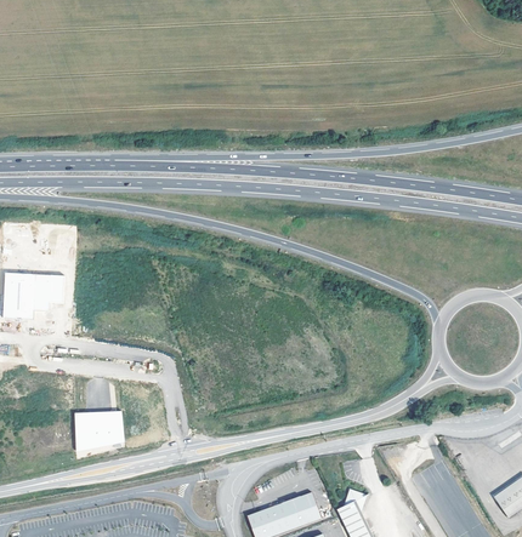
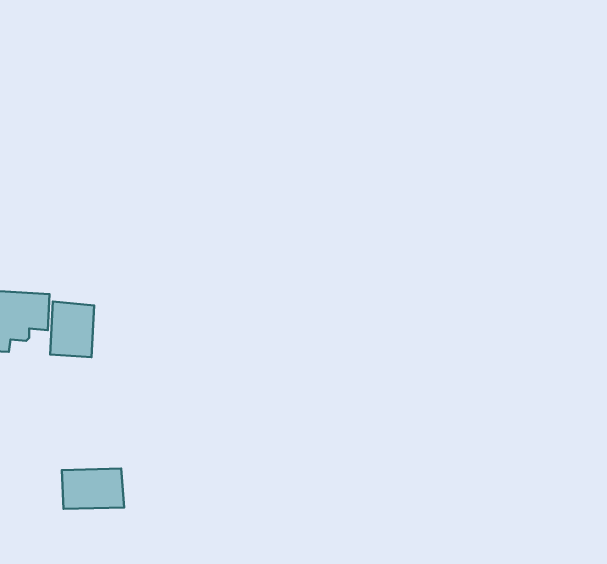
building: none -> [50,302,94,357]

